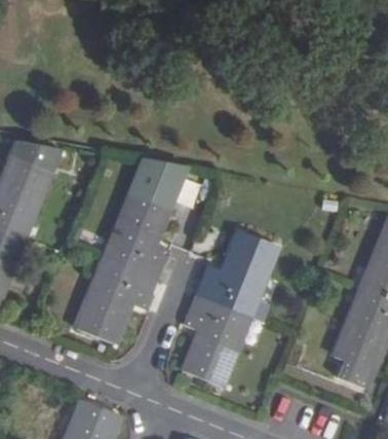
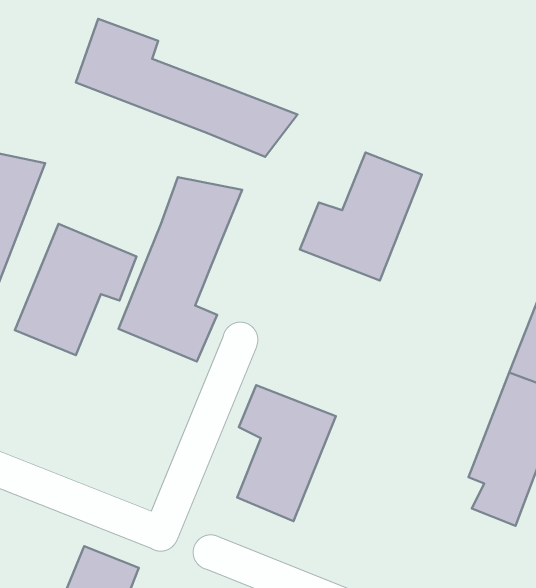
building: none -> [76,19,298,157]
building: [196,231,276,316] -> [300,152,422,281]
building: [77,258,157,344] -> [15,224,137,355]

